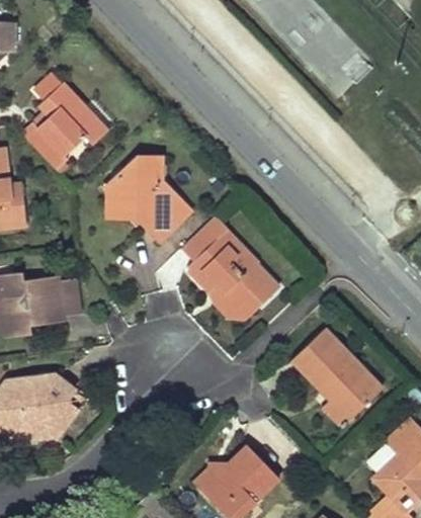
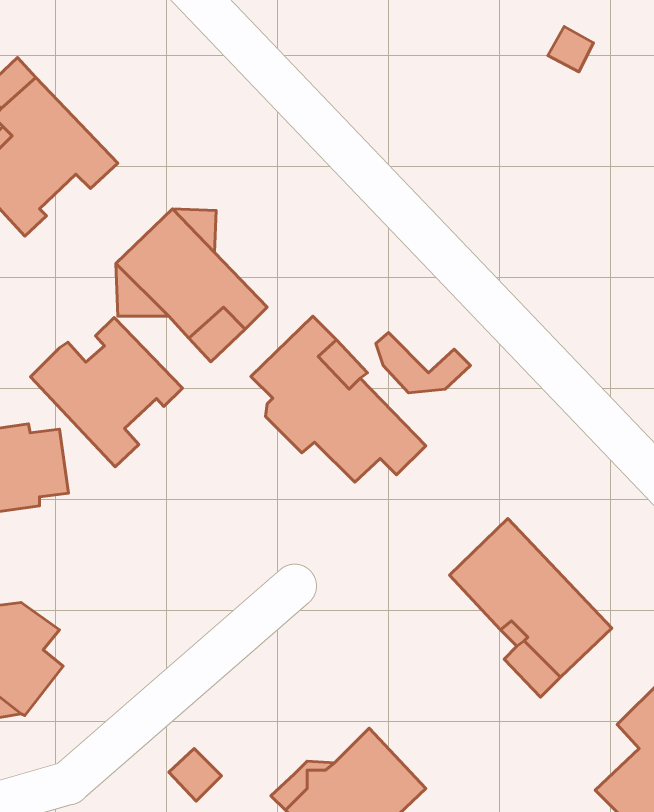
building: none -> [31,318,182,467]
building: [211,285,263,319] -> [376,333,471,393]

